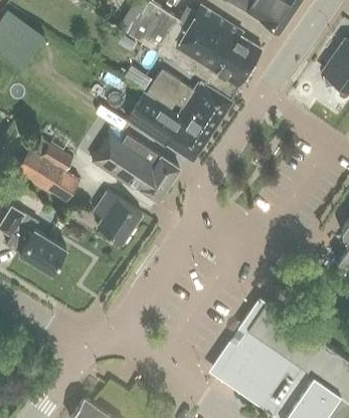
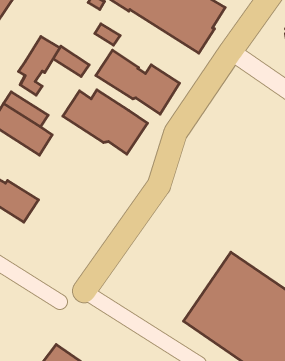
building: [152,73,230,129] -> none
building: none -> [19,36,60,95]
building: [95,192,142,244] -> none

